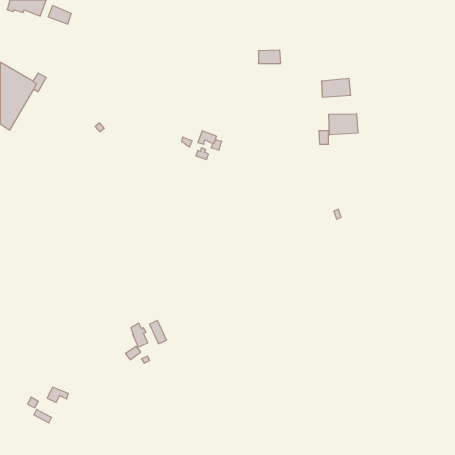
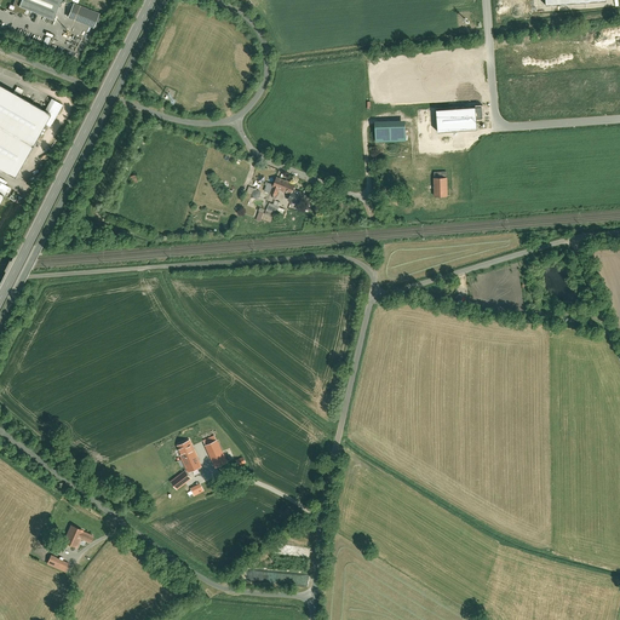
building: [258,50,281,63] -> [375,122,406,140]
building: [329,114,358,135] -> none

